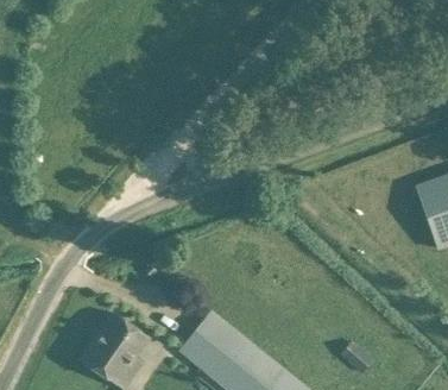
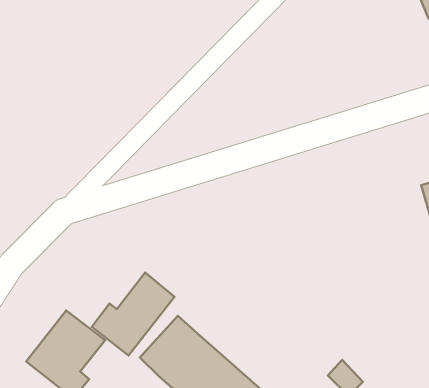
building: none -> [92,273,174,355]

